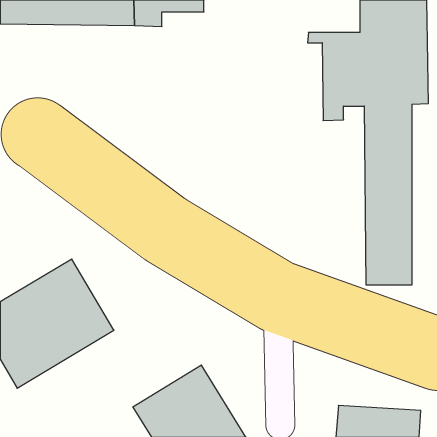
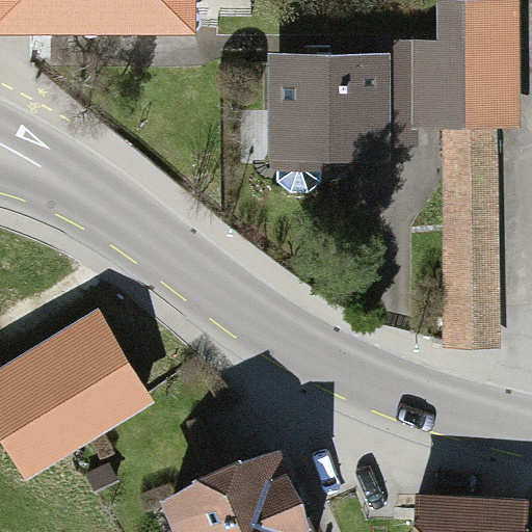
building: none -> [270,52,393,167]

